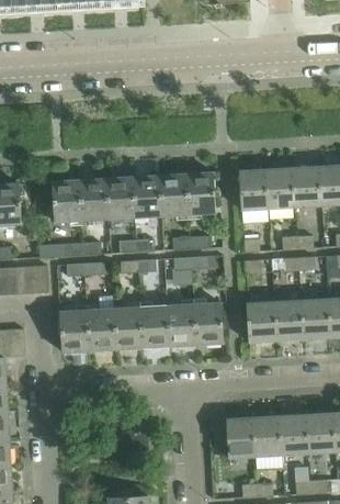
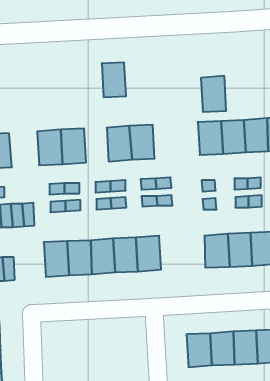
building: [186,171,216,213] -> [201,76,226,112]
building: [106,177,135,217] -> [102,63,126,97]
building: [194,302,224,343] -> none

